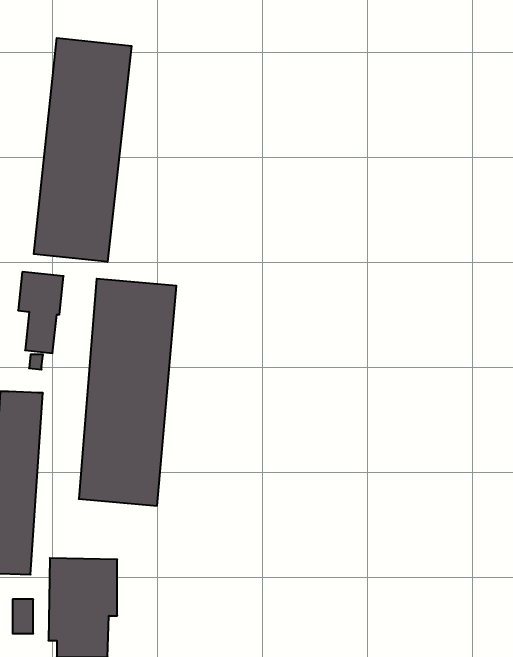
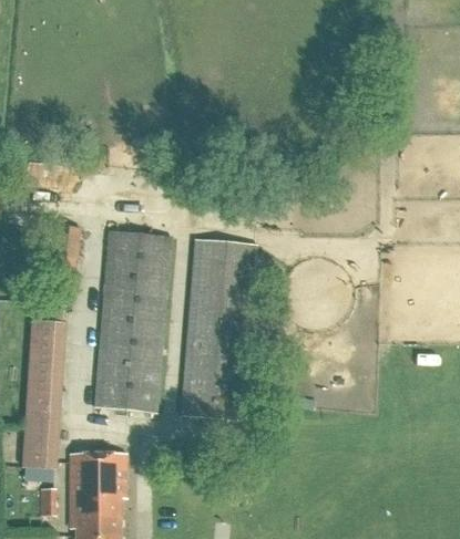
building: [34,38,132,262] -> none
building: none -> [181,239,258,421]

